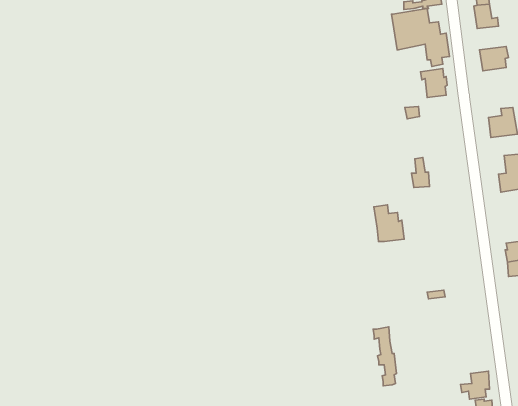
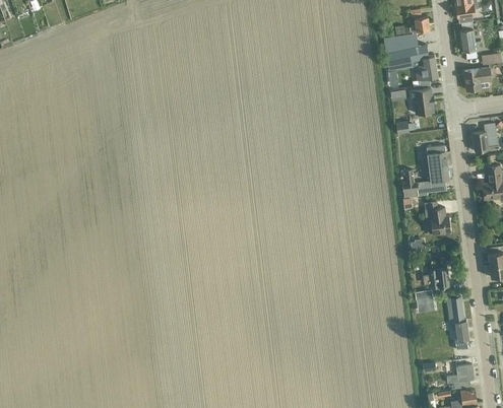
building: none -> [427,150,448,181]
building: [374,205,404,241] -> [423,200,450,233]
building: none -> [423,267,448,287]
building: [373,327,397,386] -> [446,295,467,349]

